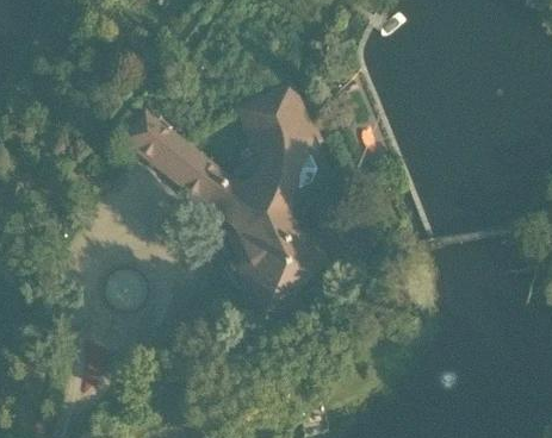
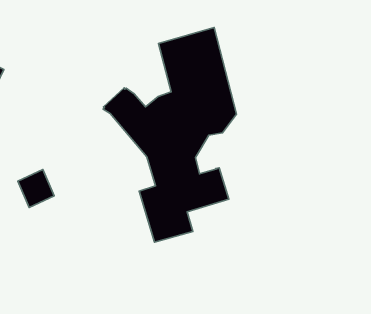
building: [120,110,203,184] -> none

